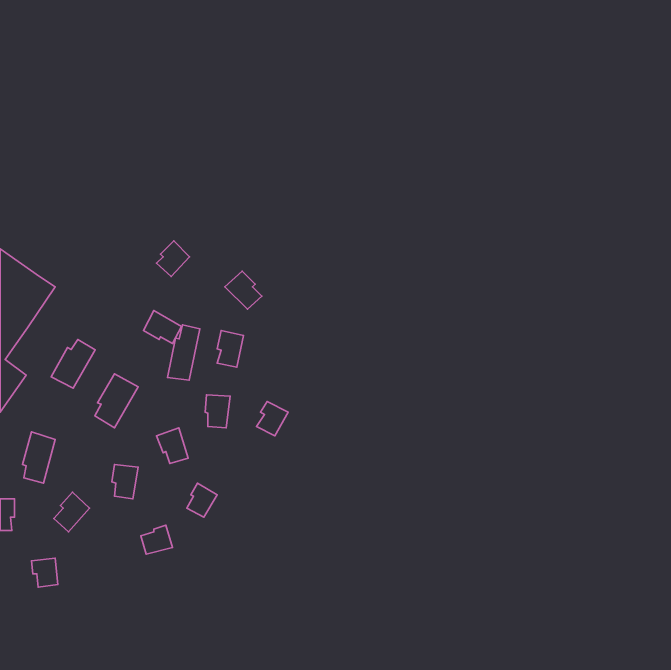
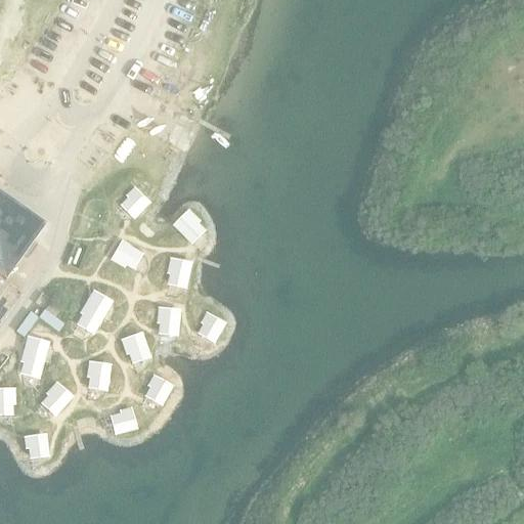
building: [167,325,200,380] -> none
building: [51,340,95,388] -> none

